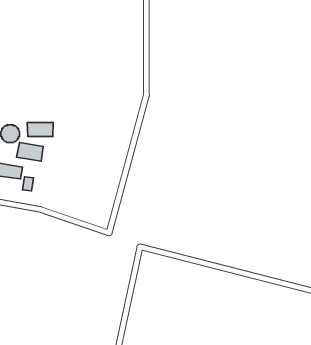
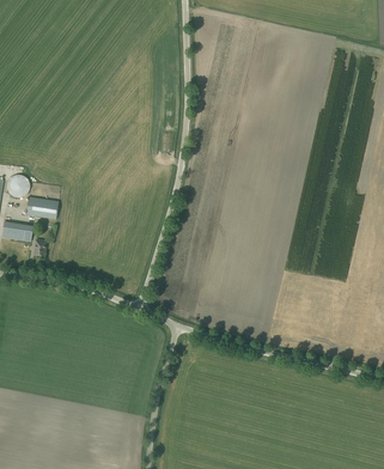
building: [27,122,53,137] -> none

